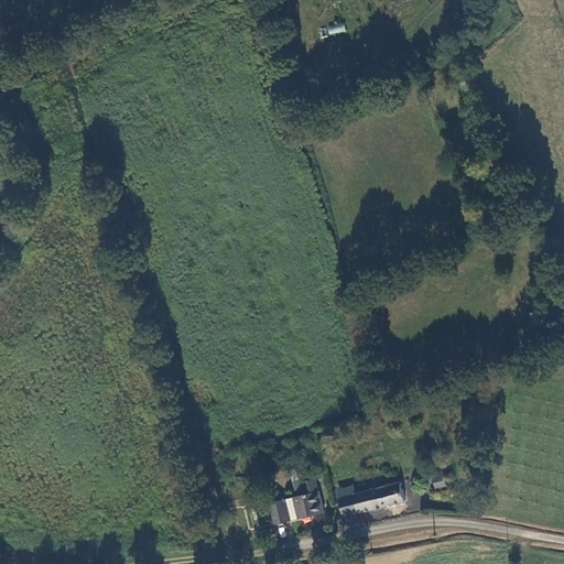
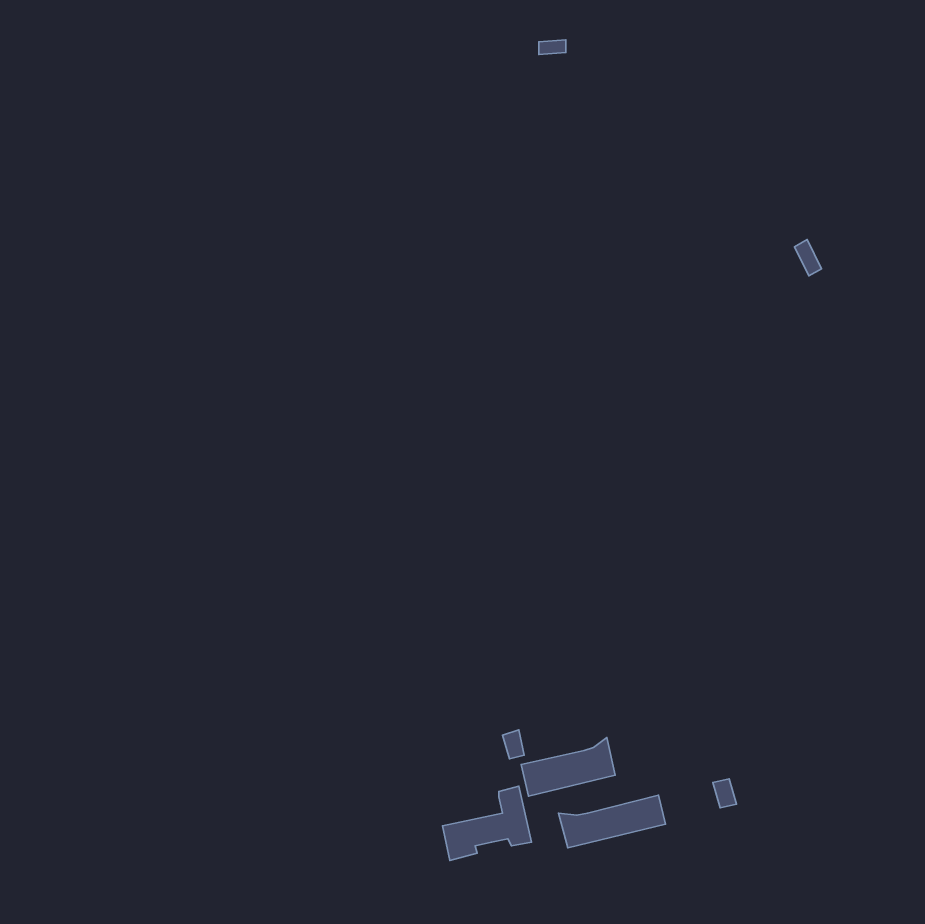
building: none -> [521,738,615,796]

